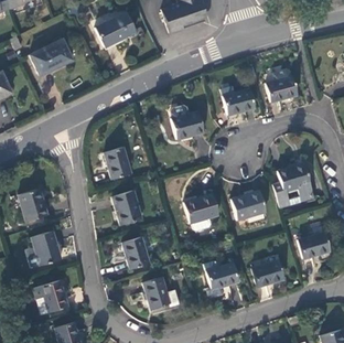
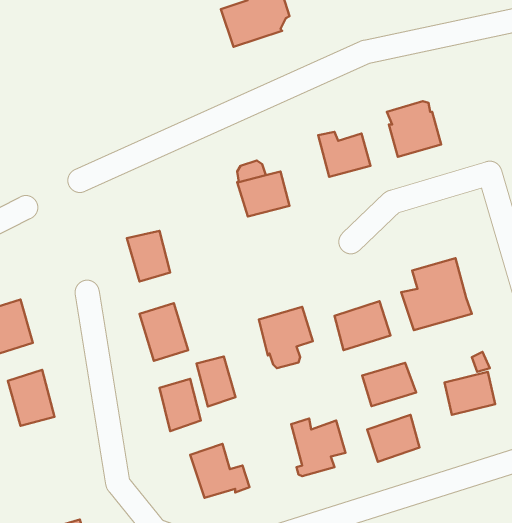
building: [98,13,138,46] -> none
building: [33,40,75,75] -> none
building: none -> [196,356,236,406]
building: none -> [362,363,416,406]
building: [34,279,68,314] -> none

